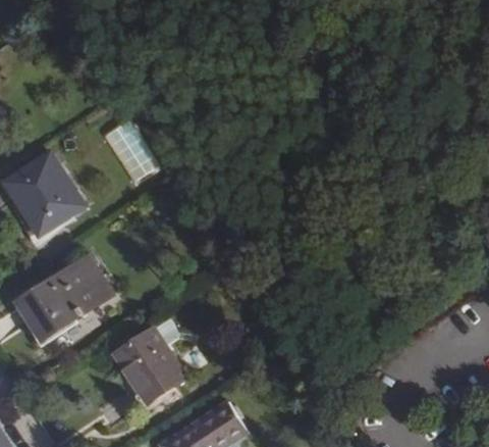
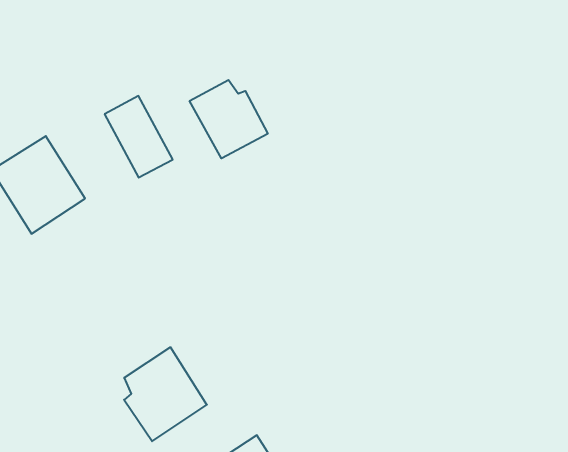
building: none -> [190,80,268,158]
building: [22,265,102,337] -> none

